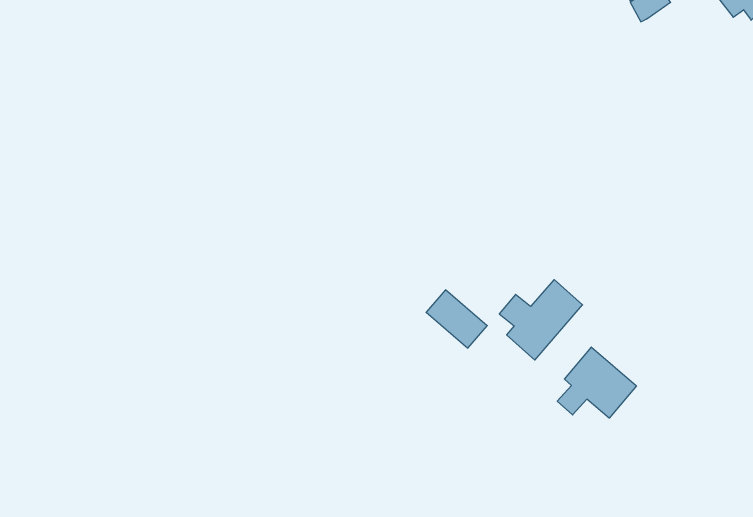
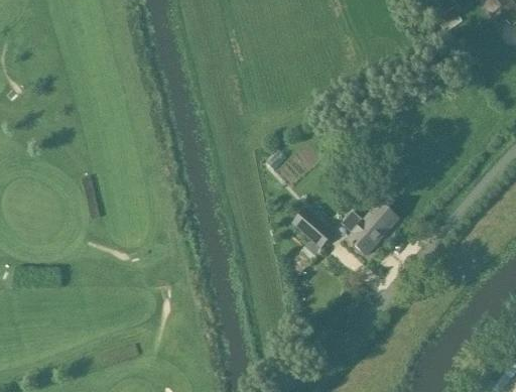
building: [557,347,636,418] -> none

